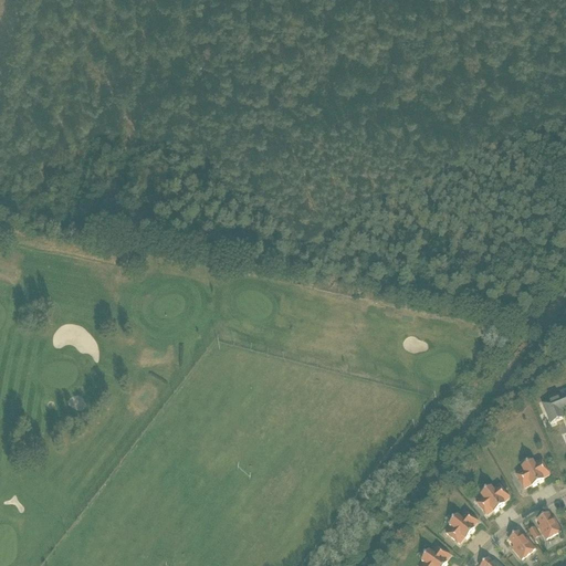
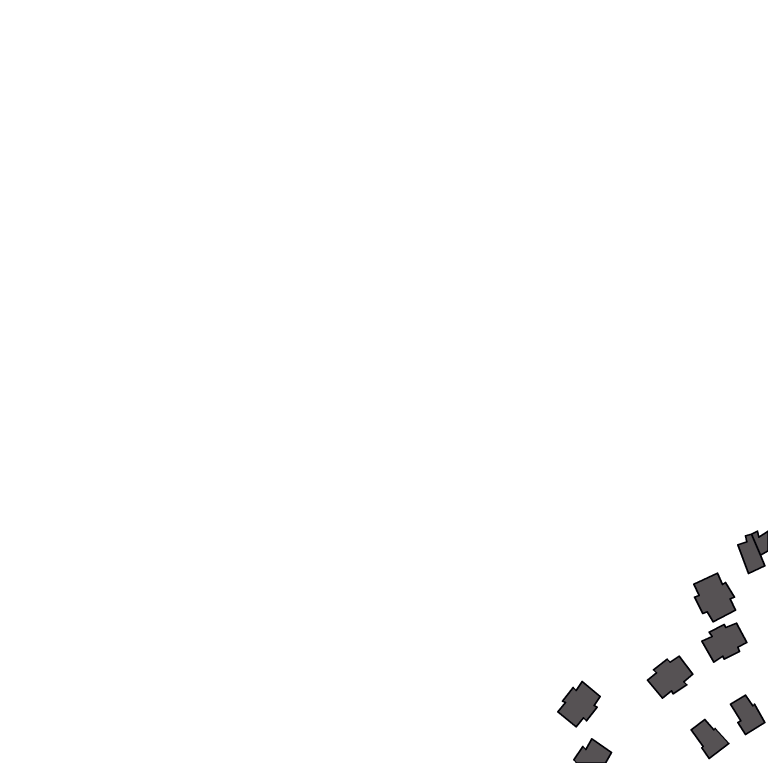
building: none -> [694,573,735,622]
building: [446,509,476,542] -> [558,682,600,727]

